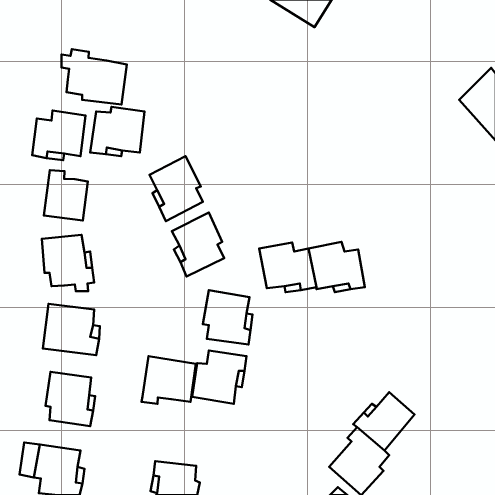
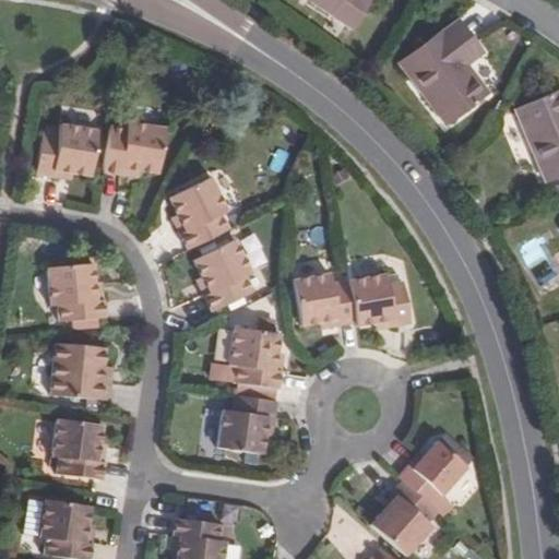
building: none -> [403,21,490,126]
building: [61,49,127,105] -> none
building: [44,170,88,220] -> none
building: [141,356,196,404] -> none

